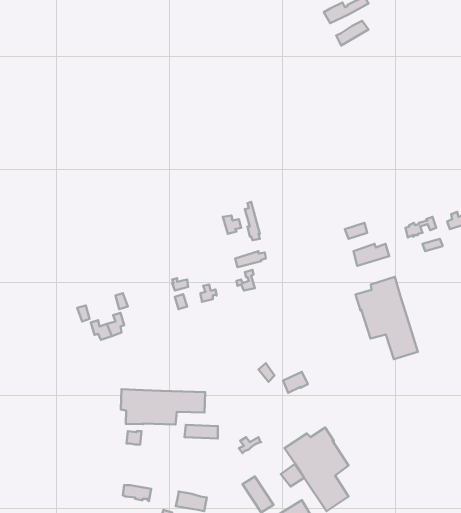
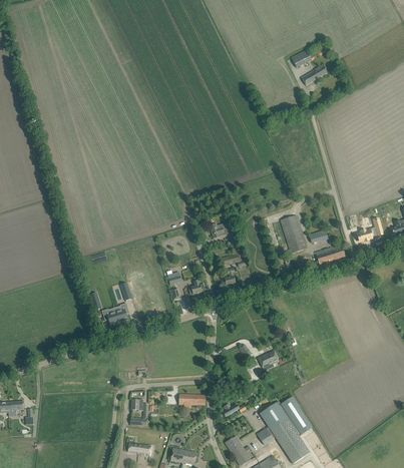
building: none -> [281,214,307,254]
building: [355,277,418,359] -> none
building: [121,389,205,424] -> none

